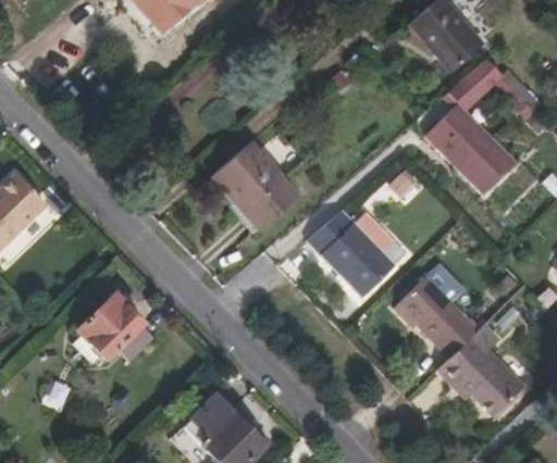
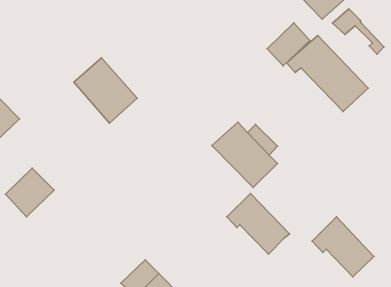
building: none -> [267,23,310,66]
building: [214,141,299,229] -> [74,58,137,123]
building: [396,276,480,358] -> [227,193,289,254]
building: [77,293,143,359] -> [6,168,54,217]

